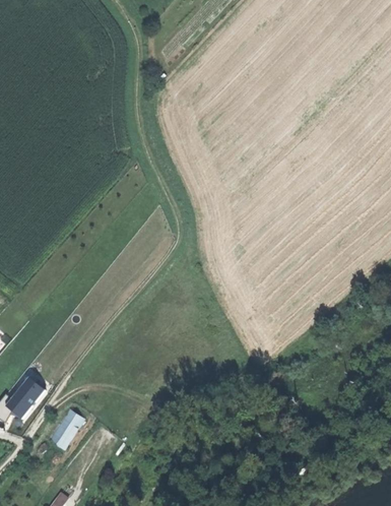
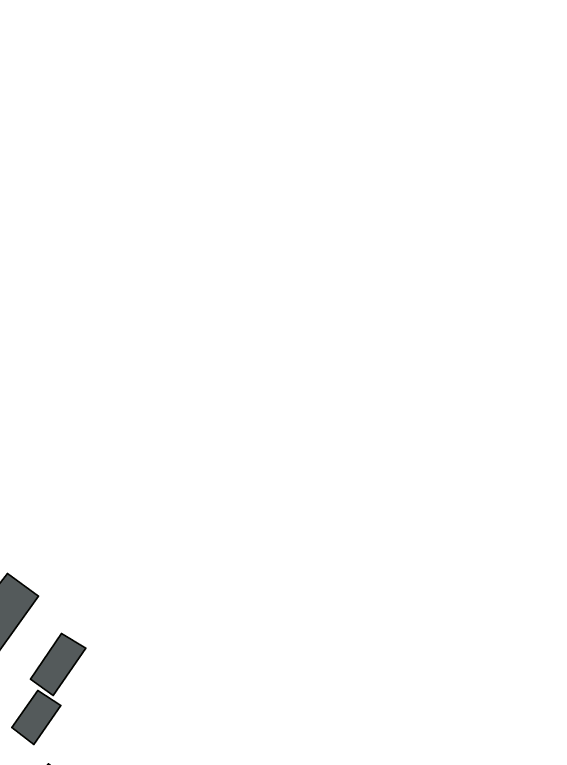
building: none -> [12,690,61,744]

